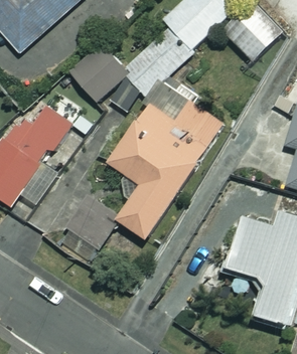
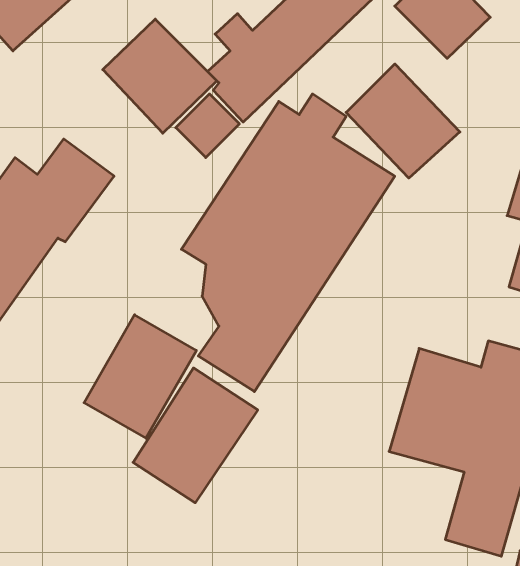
building: none -> [346,64,460,178]
building: none -> [133,368,258,503]

